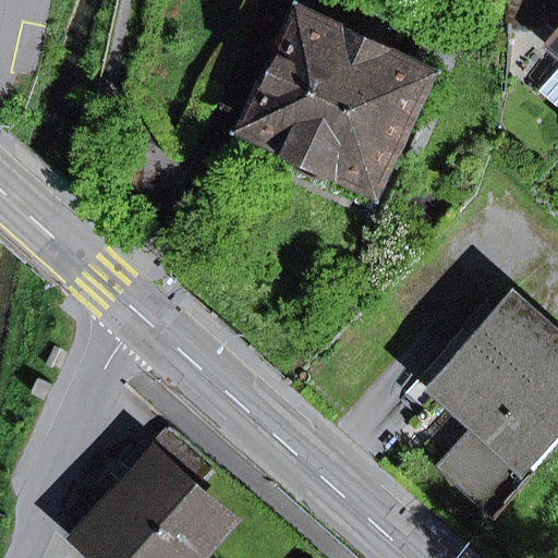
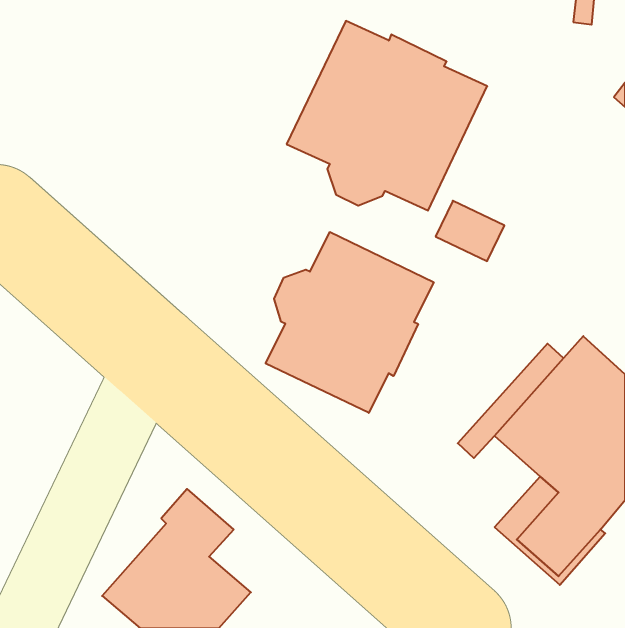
building: none -> [266,232,434,413]

